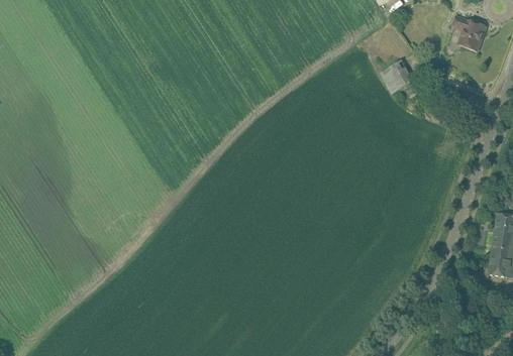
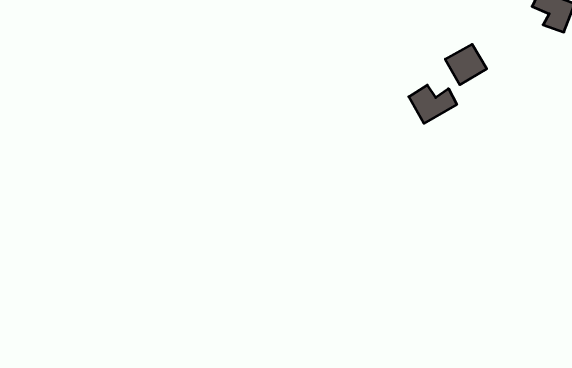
building: none -> [409,85,457,123]

